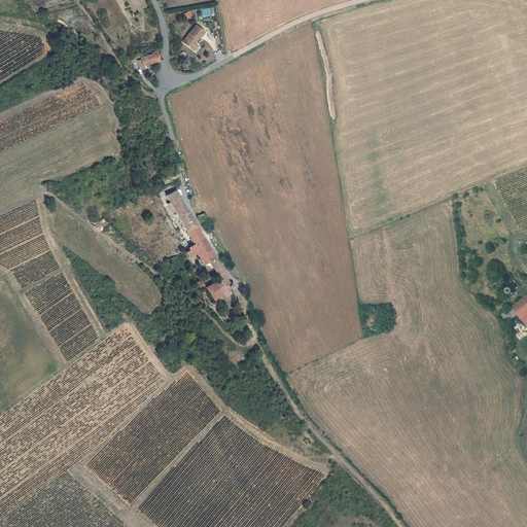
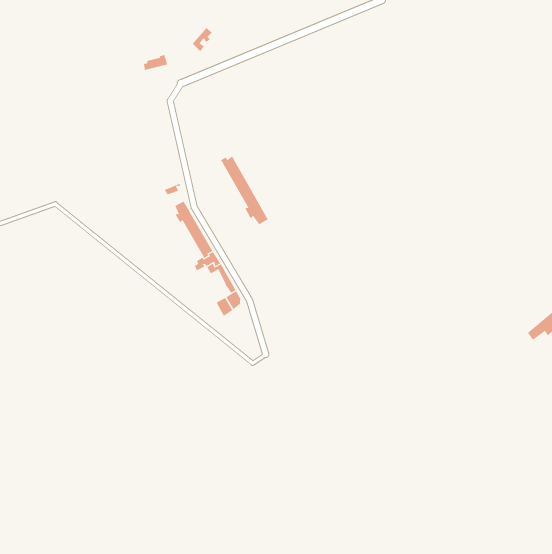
building: none -> [220,155,269,225]

